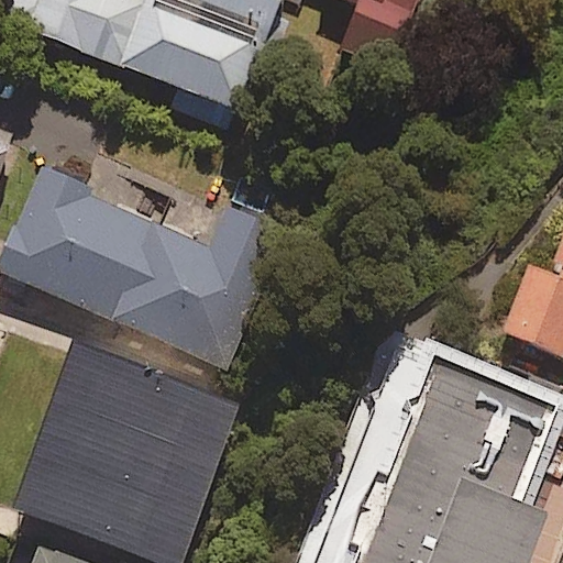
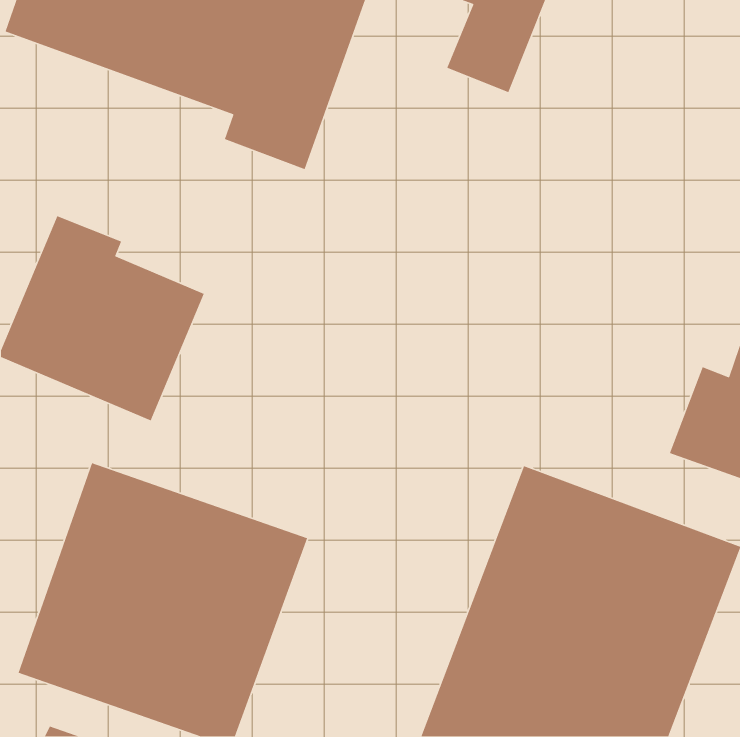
building: [117,205,289,366] -> none

